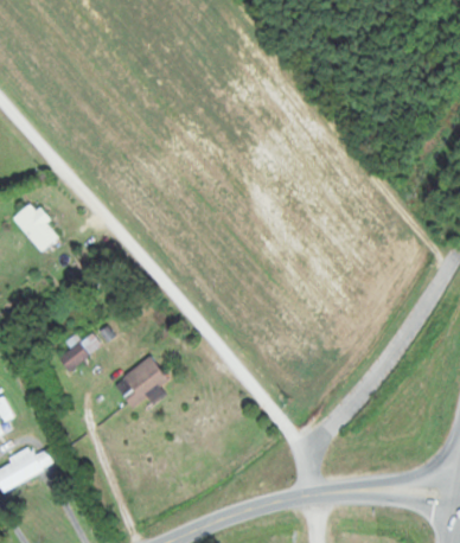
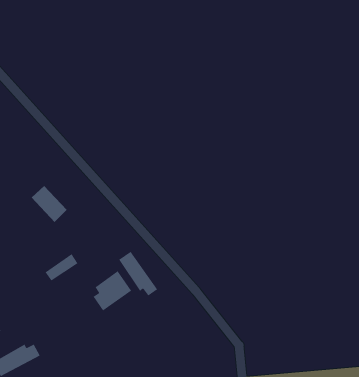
building: [13,204,59,251] -> [31,185,68,223]
building: none -> [118,251,158,297]

